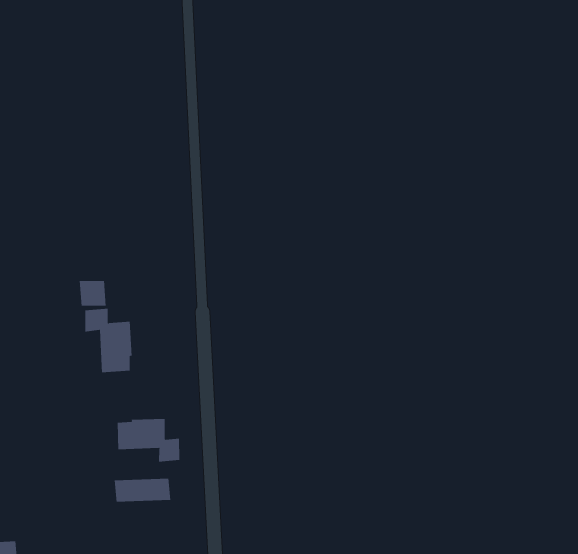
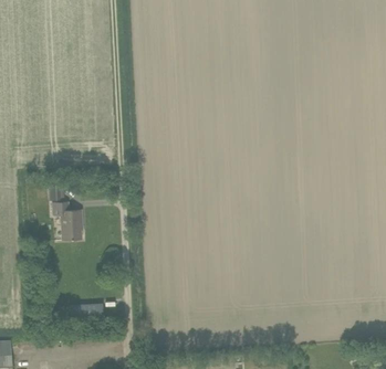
building: [117,418,180,462] -> none

